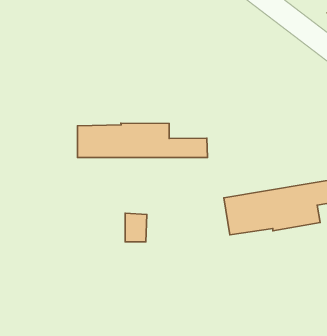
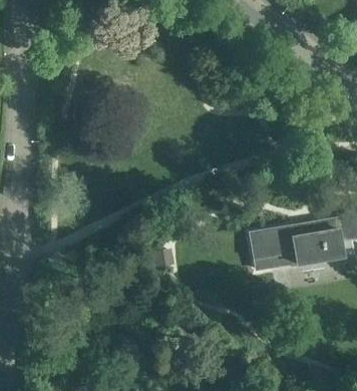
building: [78,123,208,158] -> none

